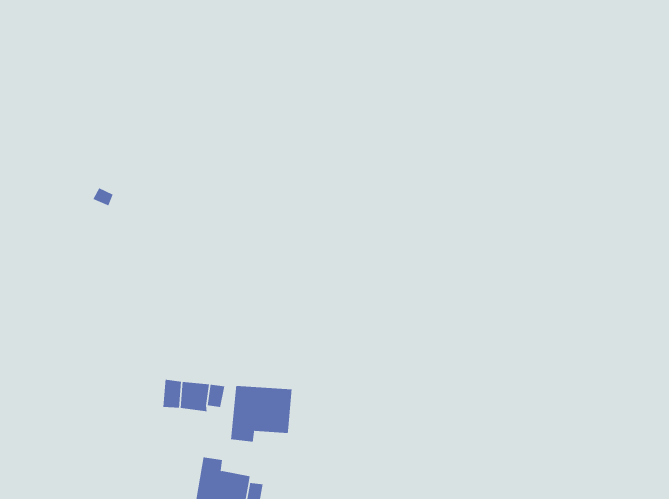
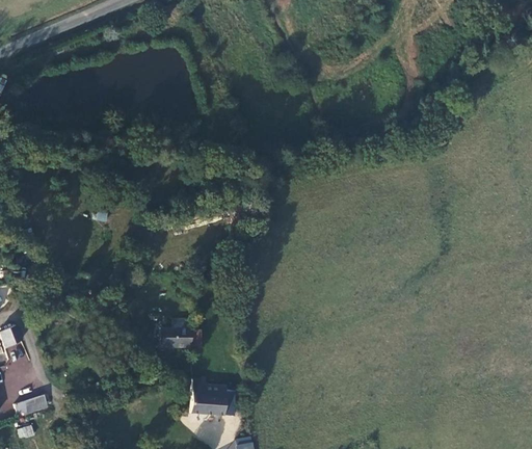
building: [230,385,292,443] -> none

